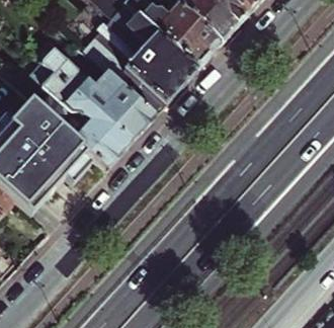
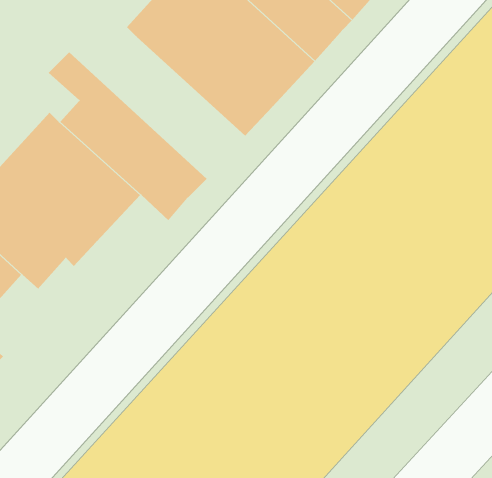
building: [33,40,153,142] -> none

